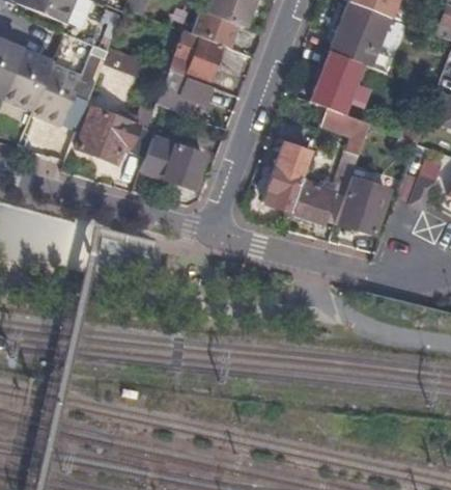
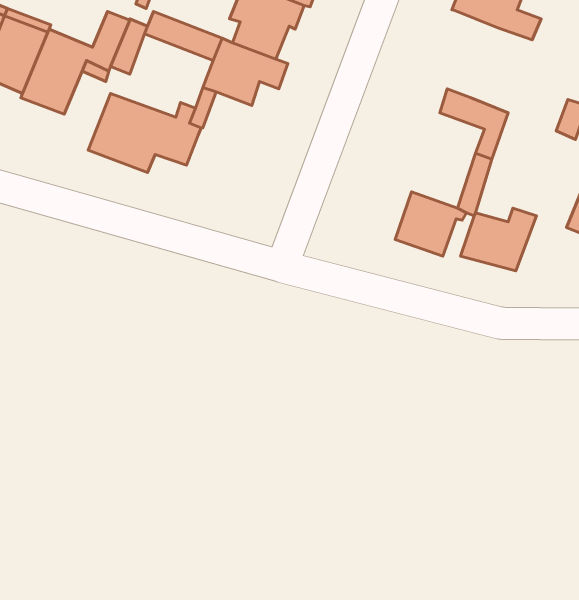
building: [312,50,362,111] -> none
building: [141,137,205,188] -> none
building: [263,142,310,210] -> none

